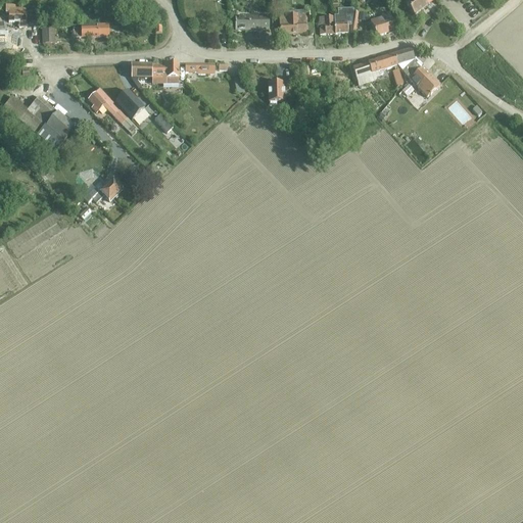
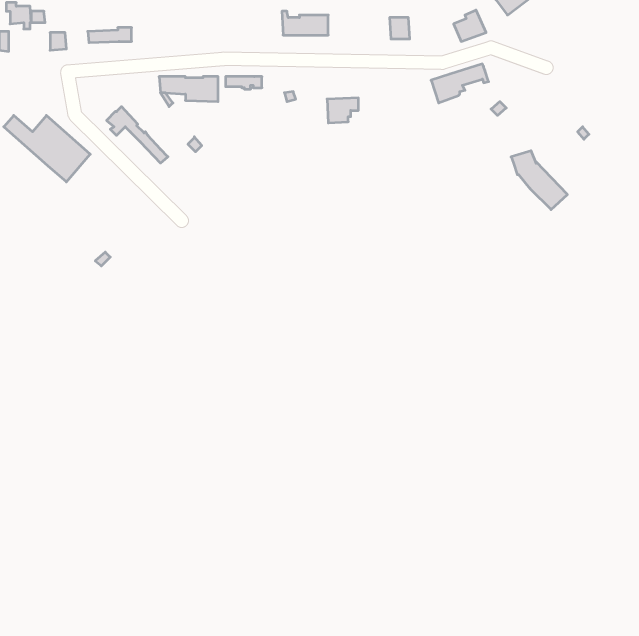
building: [333,5,358,32] -> none
building: [279,13,313,33] -> none
building: [393,47,439,95] -> [511,151,567,210]
building: [116,89,144,116] -> none
building: [82,178,122,201] -> none

